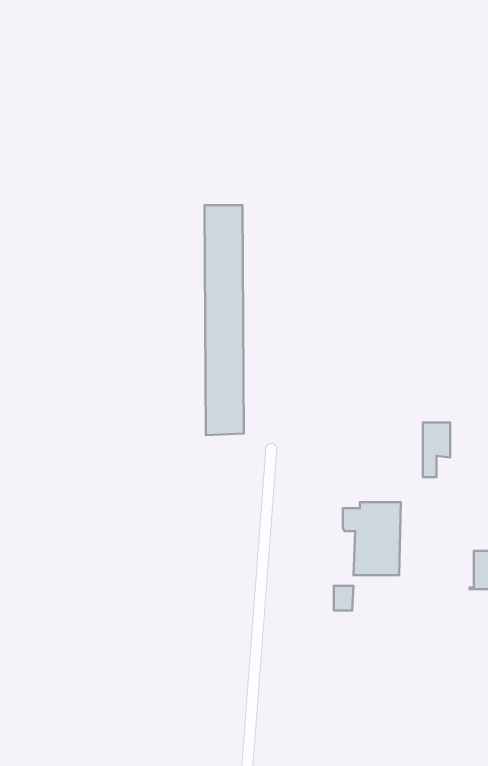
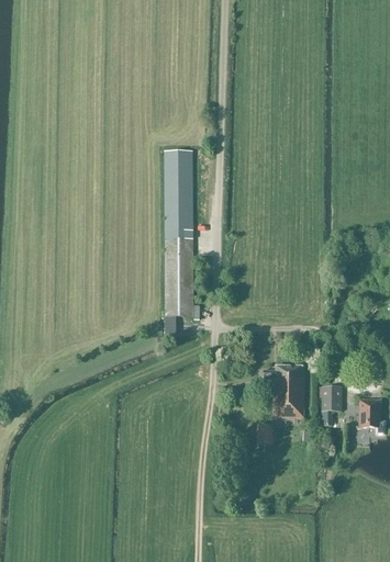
building: [423,422,450,477] -> [322,385,342,425]

